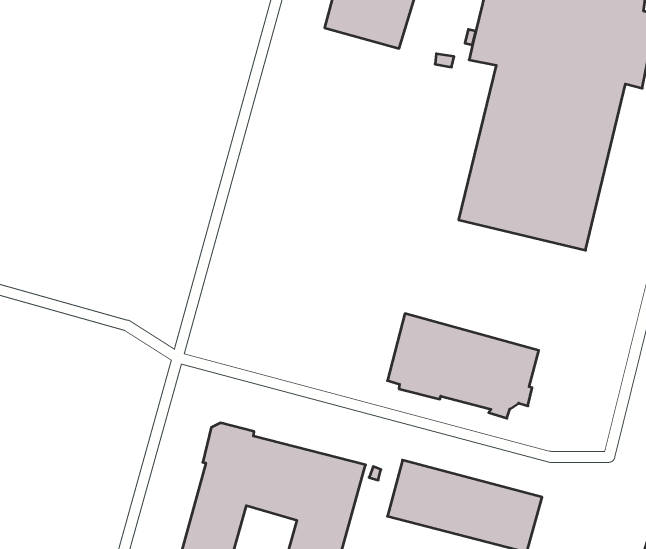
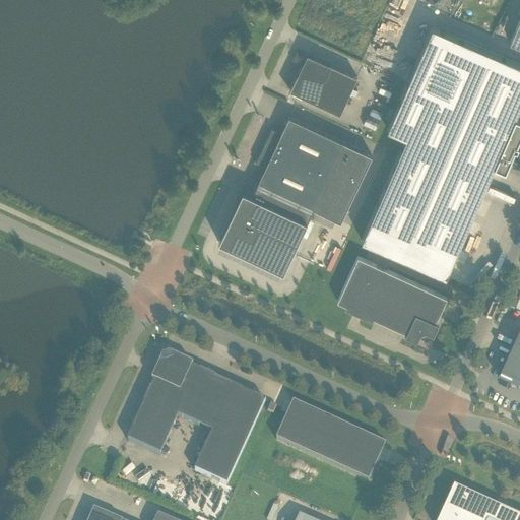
building: none -> [219,116,373,271]
building: [387,314,539,418] -> [338,256,448,341]

